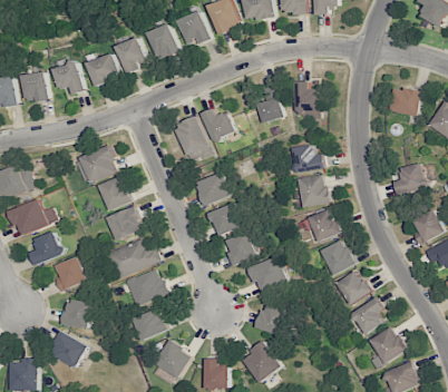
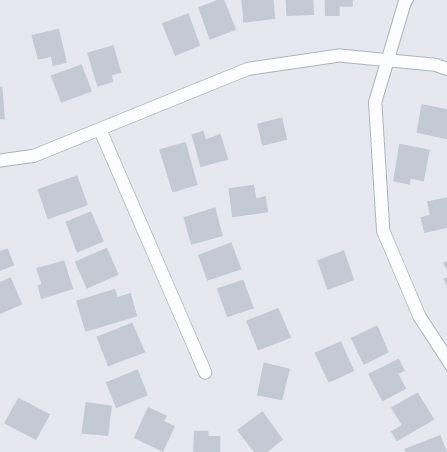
building: [146,23,181,60] -> none
building: [53,62,85,95] -> [30,28,68,67]
building: [295,81,320,117] -> none
building: none -> [393,143,431,185]
building: [291,145,325,173] -> [228,184,269,218]
building: [299,175,329,206] -> none
building: [320,239,354,275] -> [314,340,355,383]
building: [55,257,87,291] -> [35,260,74,300]
building: [64,300,90,329] -> [81,402,113,436]

